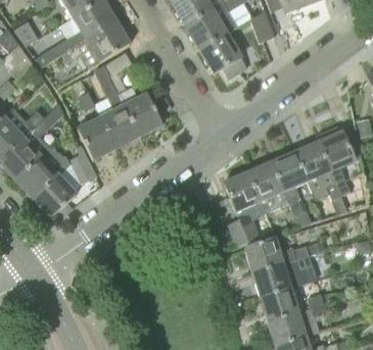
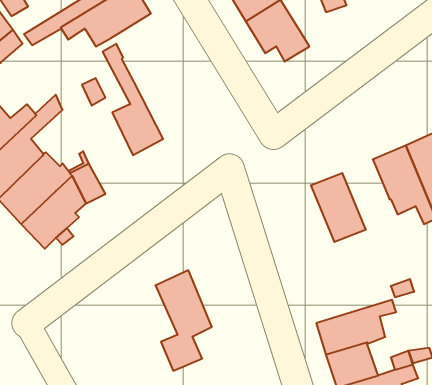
building: [103,53,162,137] -> none
building: [78,117,116,160] -> none
building: [272,152,307,216] -> none
building: [224,171,266,246] -> [155,270,212,371]
building: [244,239,309,273] -> none

